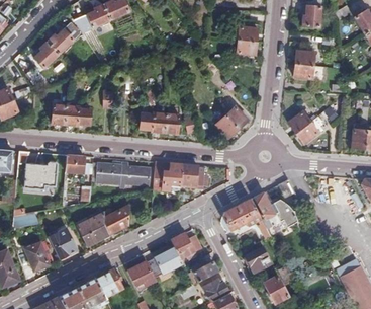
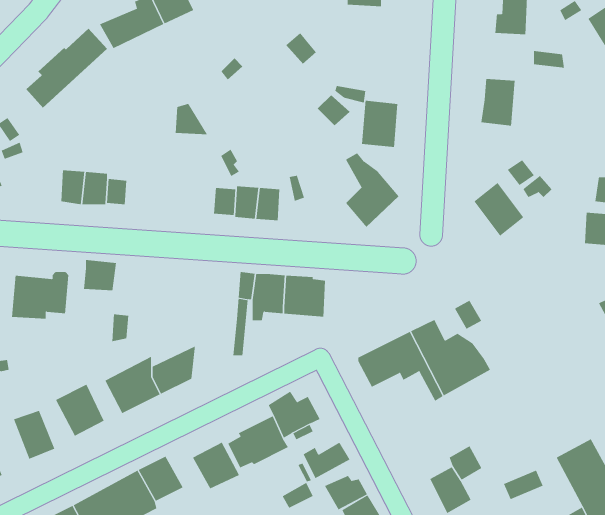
building: [236,26,257,54] -> [361,100,398,148]
building: [91,162,150,188] -> none
building: [244,245,271,271] -> none

